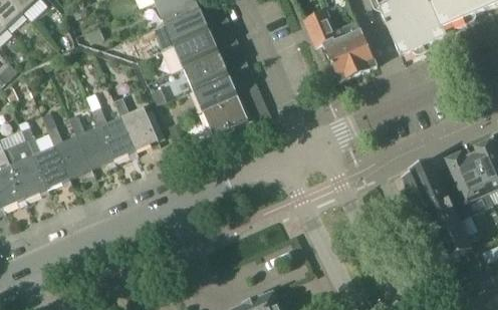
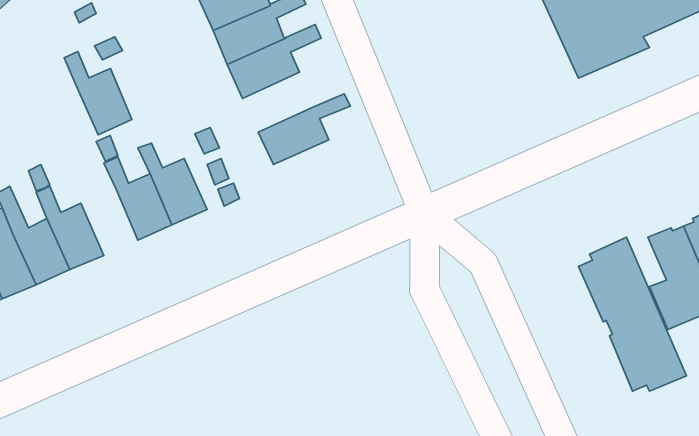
building: [302,9,377,82] -> none
building: [182,42,242,90] -> none
building: [202,86,262,134] -> none
building: [69,116,113,171] -> [64,52,132,135]

